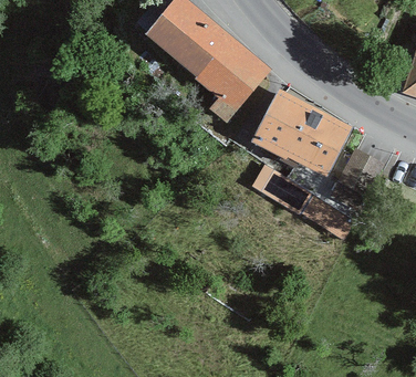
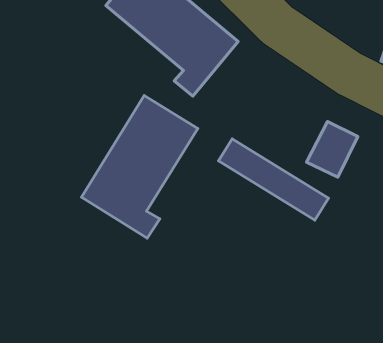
building: [254,91,351,177] -> none
building: none -> [82,95,198,238]

